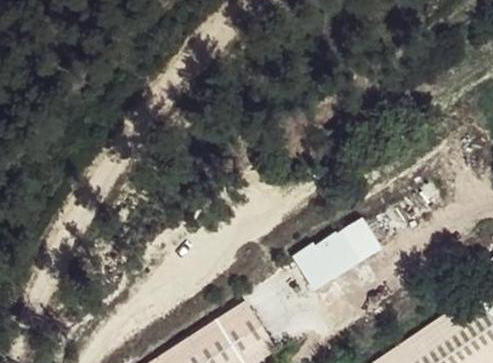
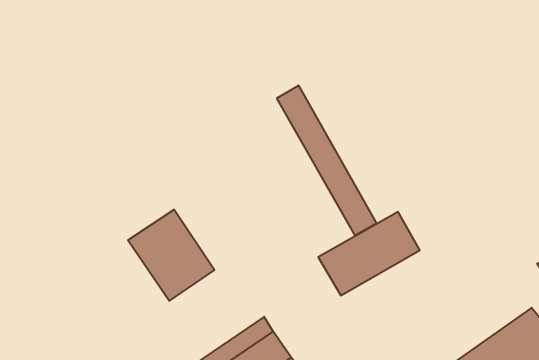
building: none -> [277,85,376,235]
building: none -> [128,209,214,301]

